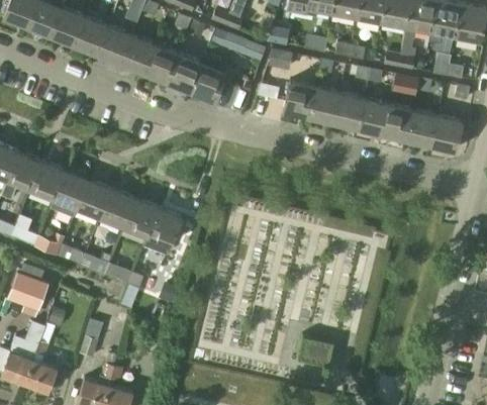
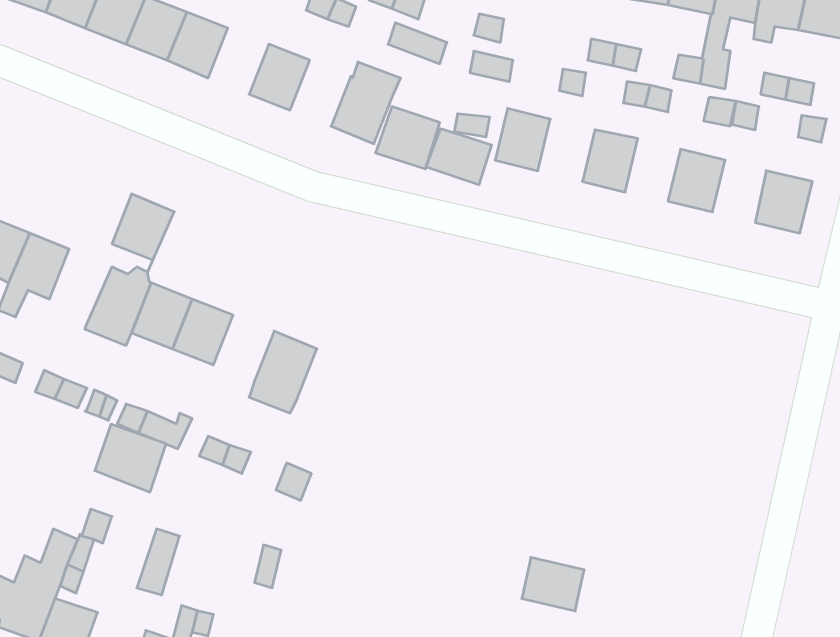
building: [120,35,155,73] -> none
building: [167,54,201,91] -> none
building: [307,87,339,122] -> none
building: none -> [426,129,492,185]
building: [357,98,388,133] -> none
building: [406,110,436,145] -> none
building: [30,161,66,205] -> [112,194,174,272]
building: [123,198,158,235] -> none
building: [8,272,48,310] -> [95,424,166,492]

